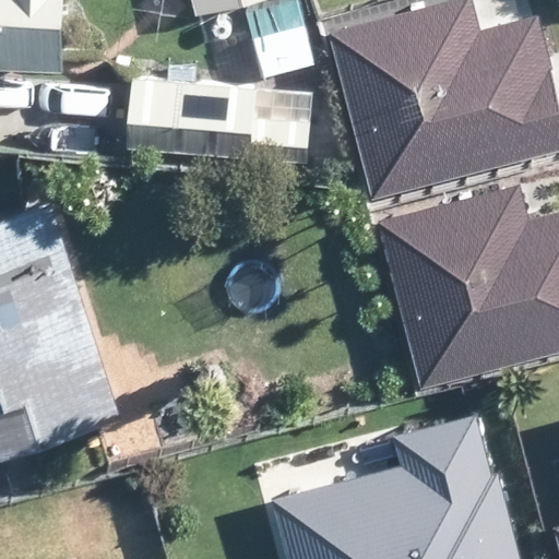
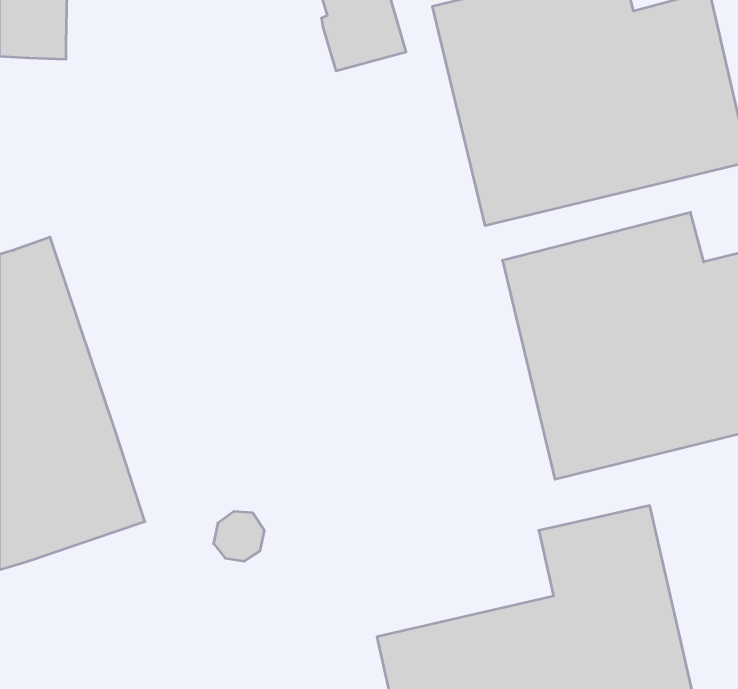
building: [122,80,310,162] -> none

